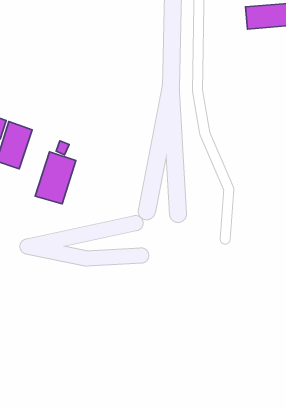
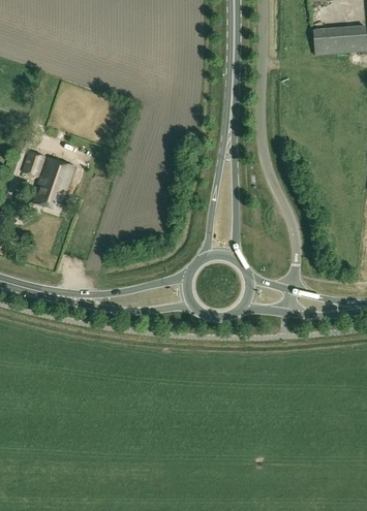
building: [35,152,76,204] -> none

